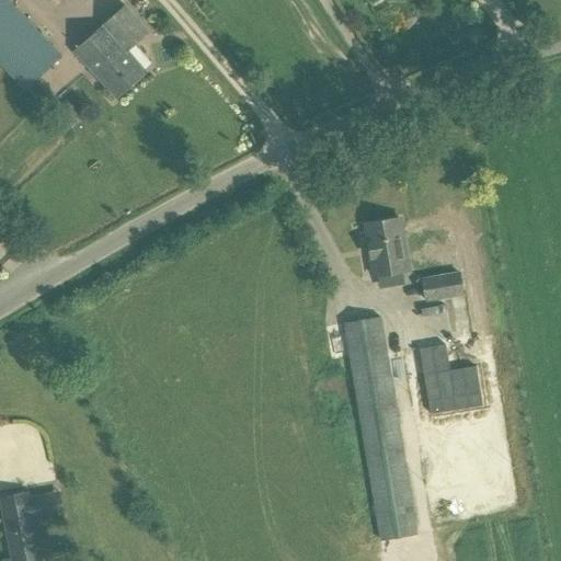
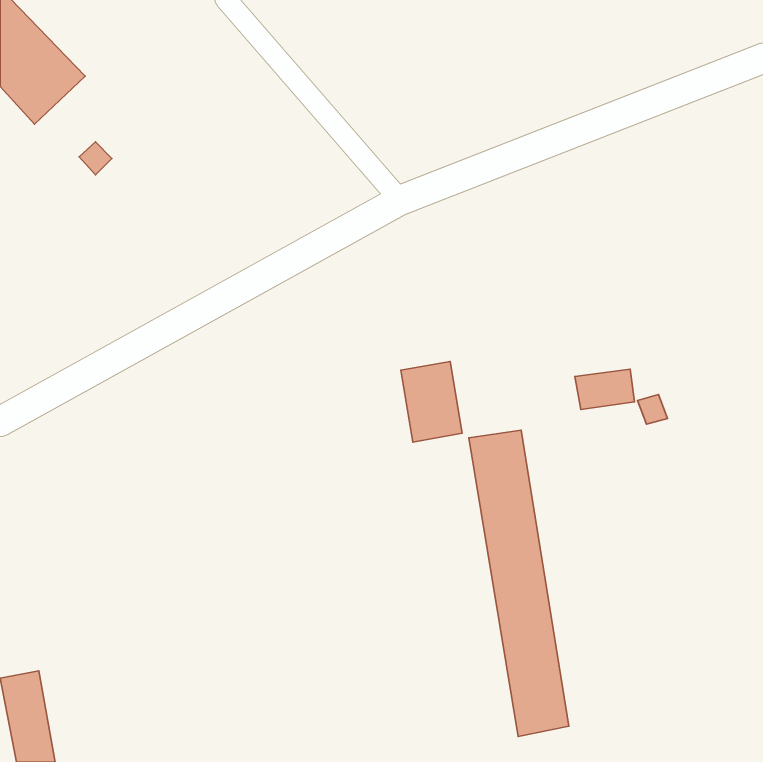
building: [75,9,147,99] -> none
building: [365,217,410,276] -> [401,361,462,442]
building: [420,344,482,414] -> none

